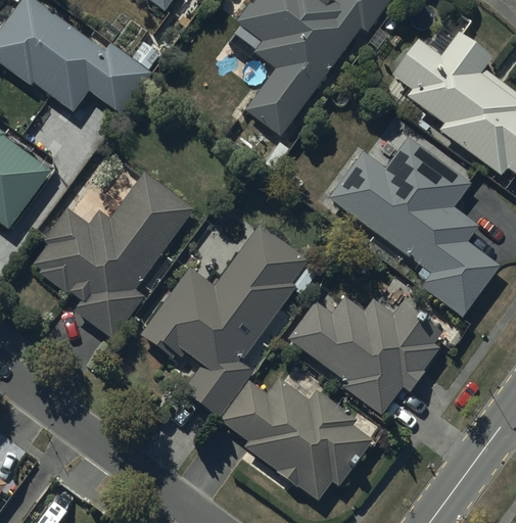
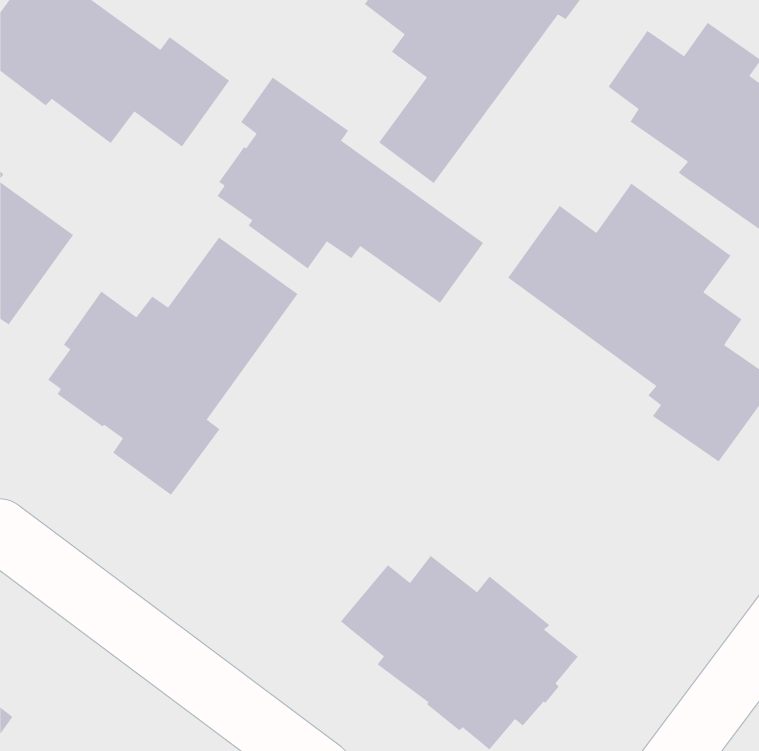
building: none -> [216,76,484,304]
building: [140,224,309,417] -> none
building: [287,295,445,415] -> none

